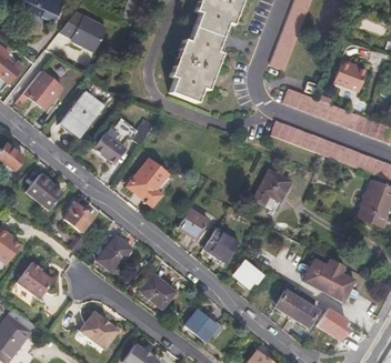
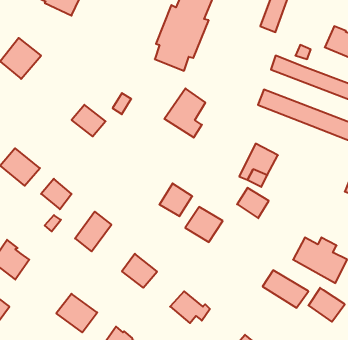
building: [59,90,101,134] -> none
building: [126,155,164,202] -> [164,88,205,138]
building: [231,260,261,289] -> [237,188,269,218]

